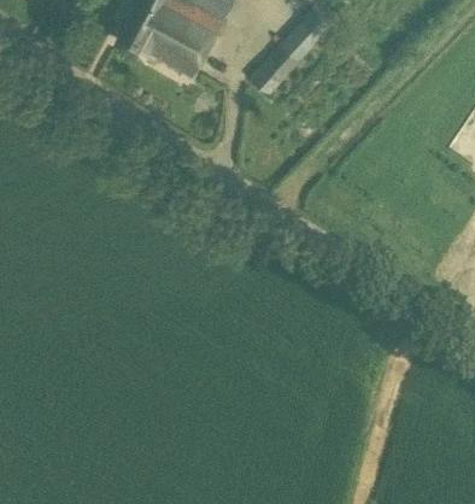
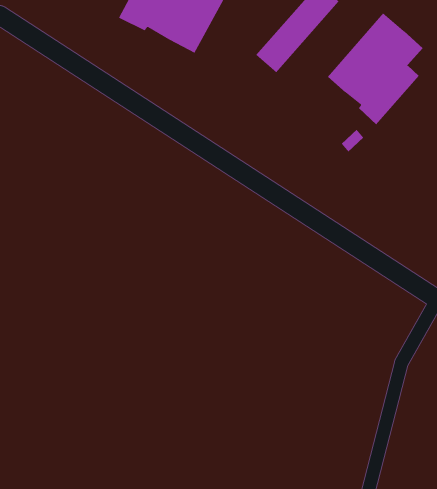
building: none -> [327,13,423,125]

